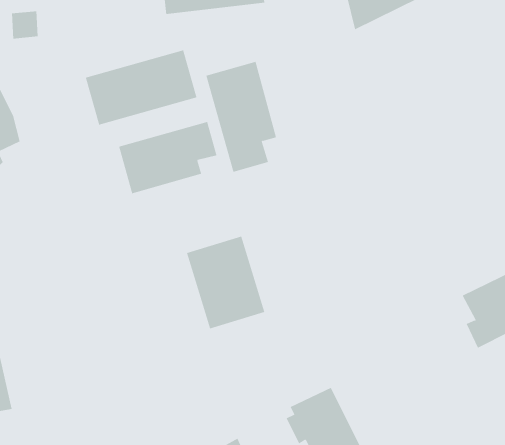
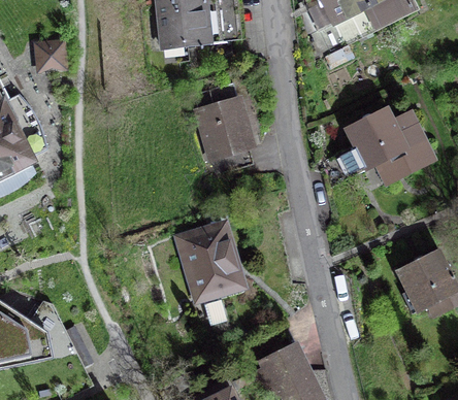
building: [85,50,197,125] -> none
building: none -> [332,110,427,177]
building: [119,121,217,194] -> none

